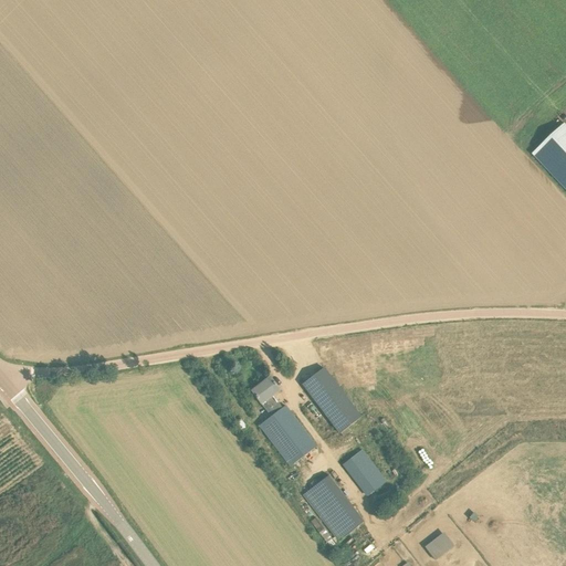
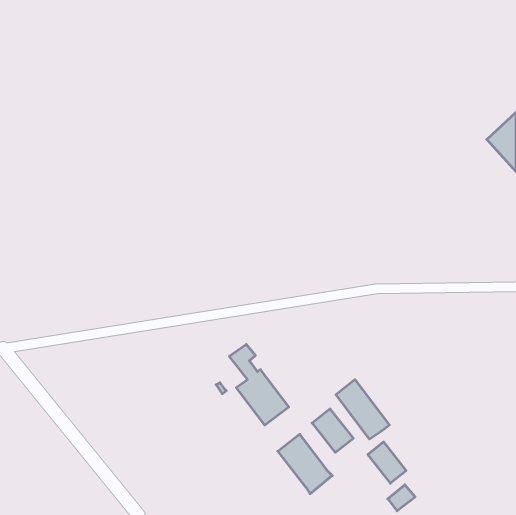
building: [303,367,361,432] -> [336,380,389,439]
building: none -> [368,442,406,483]

